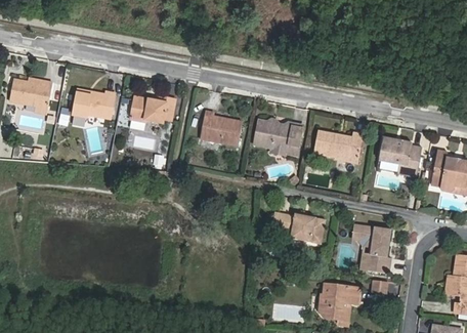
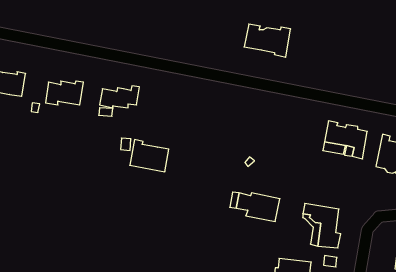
building: [196,112,238,147] -> [130,140,169,172]
building: [252,114,302,150] -> [244,24,291,57]
building: [313,131,363,164] -> none

